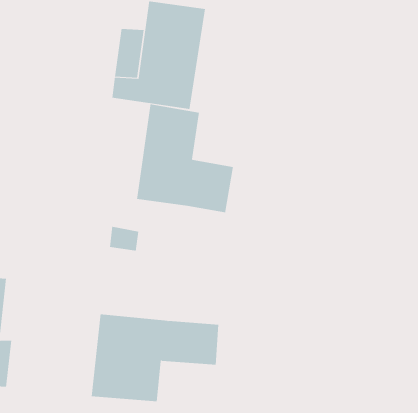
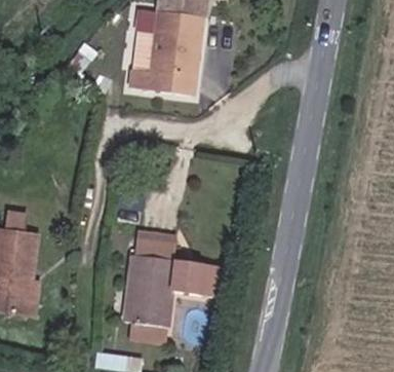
building: [137,104,233,213] -> none
building: none -> [115,237,169,263]

